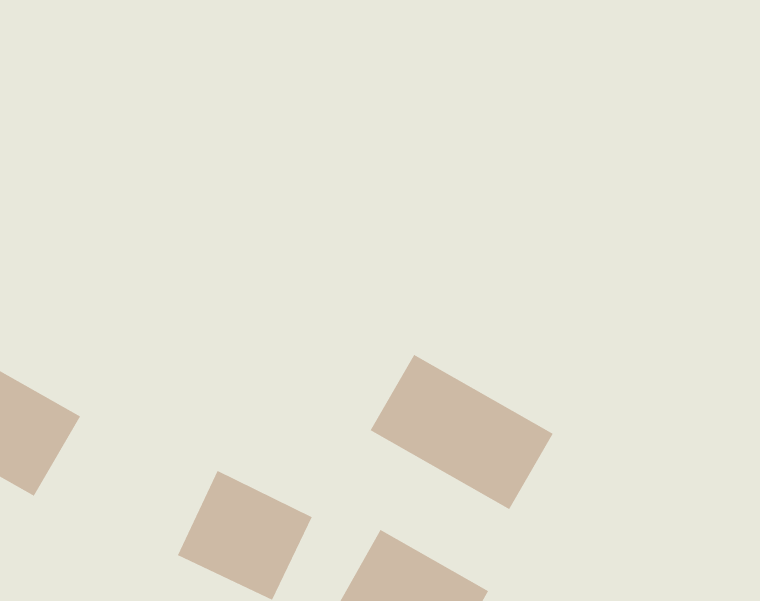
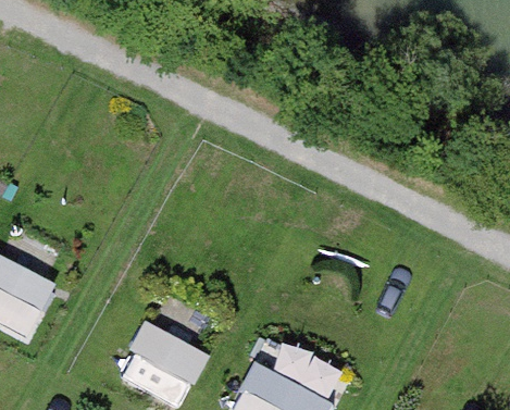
building: [369,354,554,510] -> none

